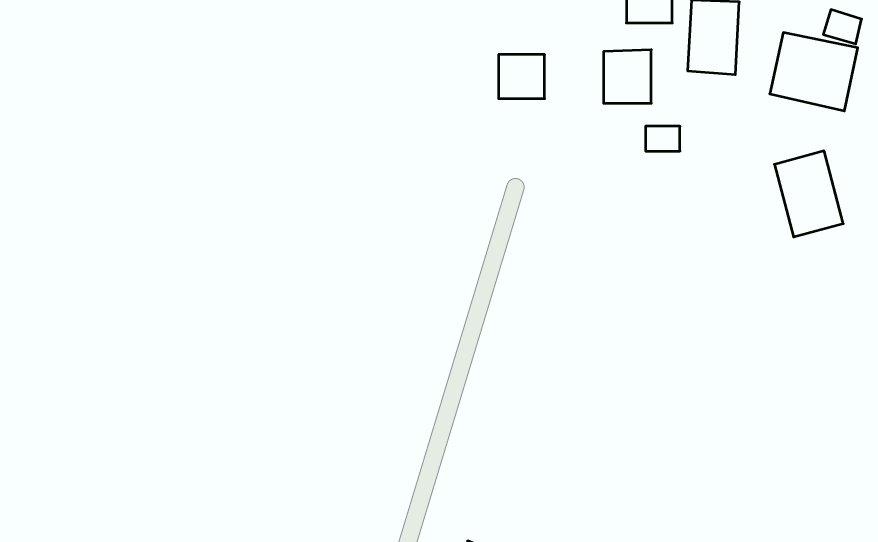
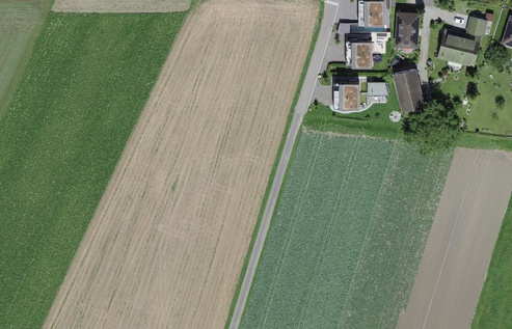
building: [499,55,545,99] -> [335,82,360,106]
building: [774,151,843,237] -> [390,70,428,116]

